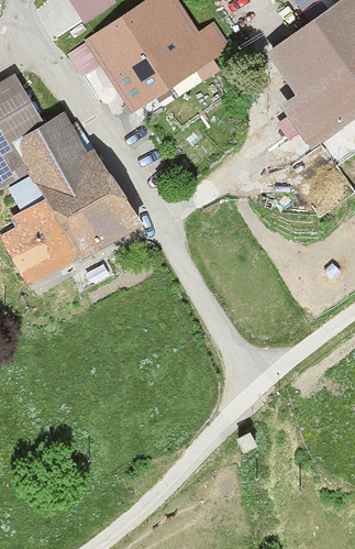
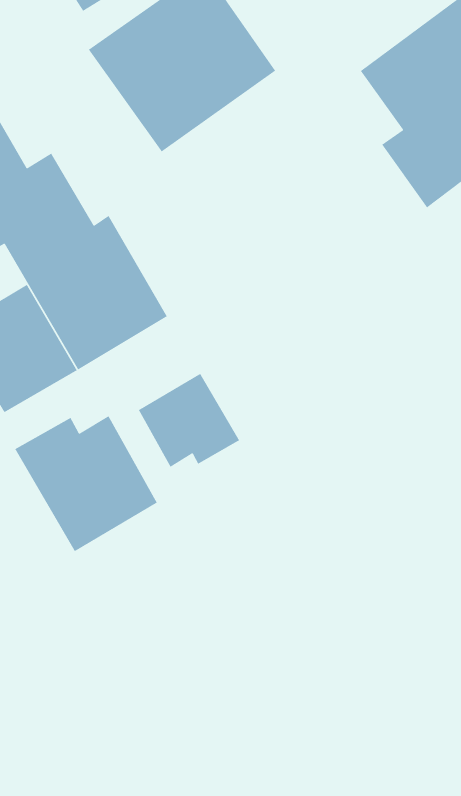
building: none -> [138,373,240,468]
building: none -> [14,415,158,552]

